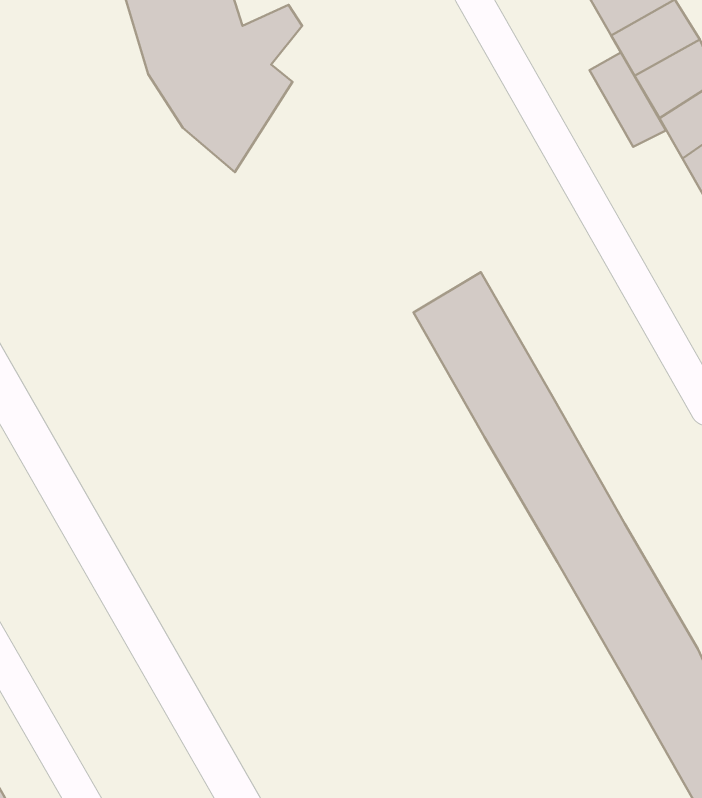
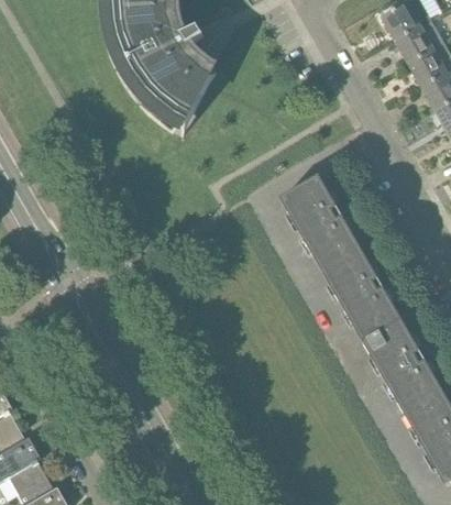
building: [590,52,666,147] -> none

